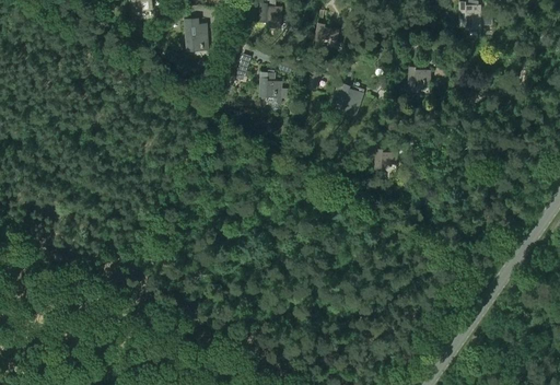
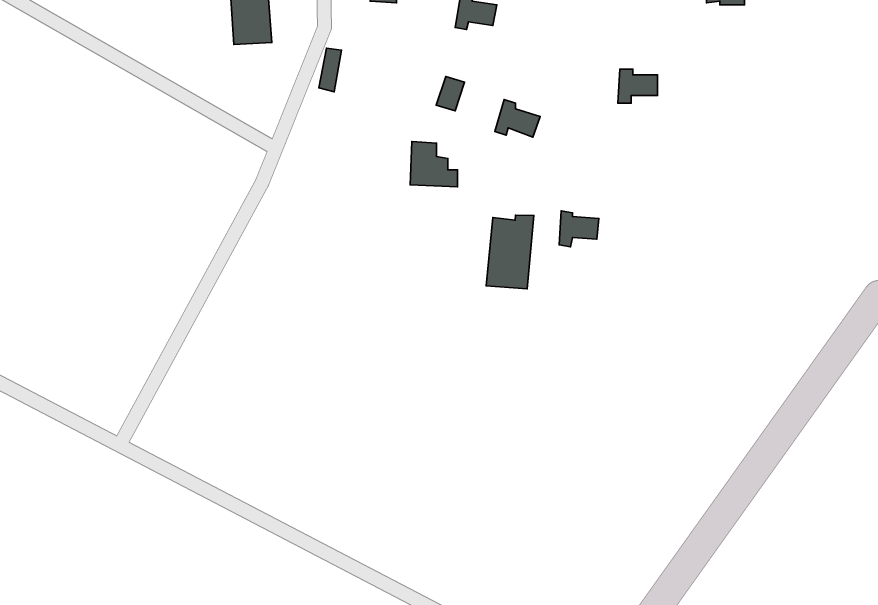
building: [259,71,287,97] -> [410,141,457,187]
building: none -> [486,215,534,289]

